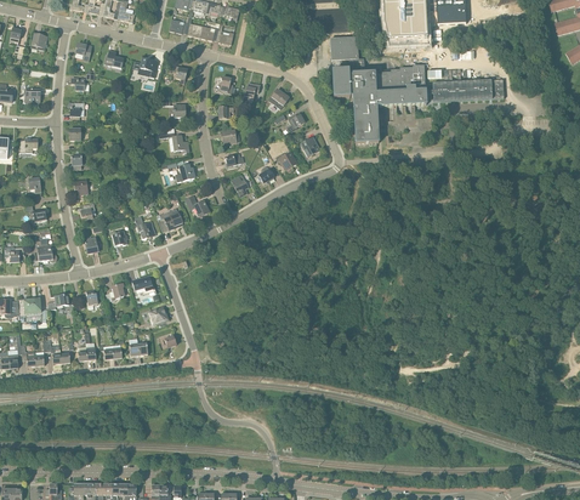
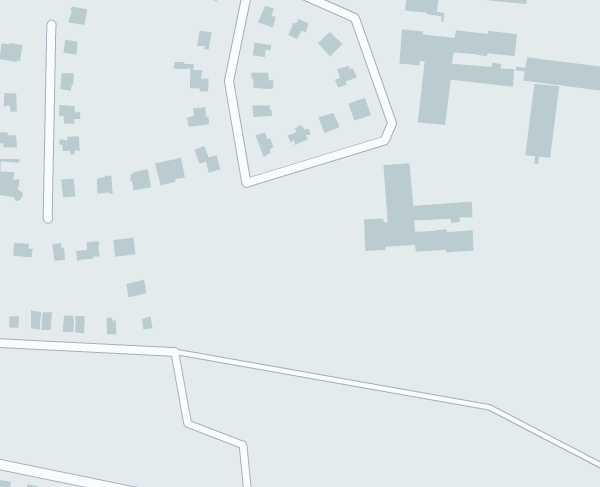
building: none -> [525,83,560,165]
building: none -> [364,163,474,253]

